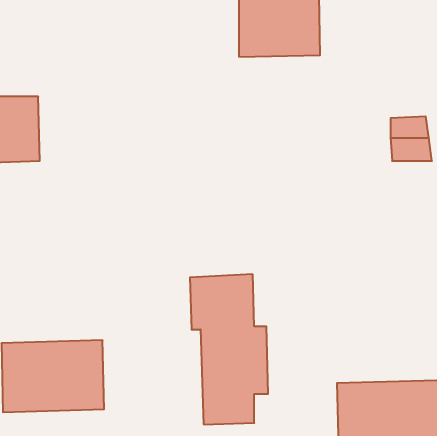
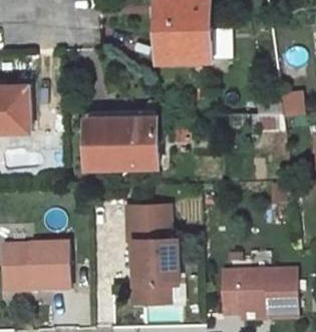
building: none -> [87,115,157,167]

